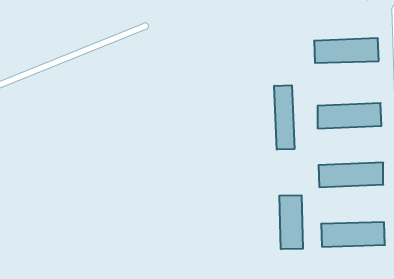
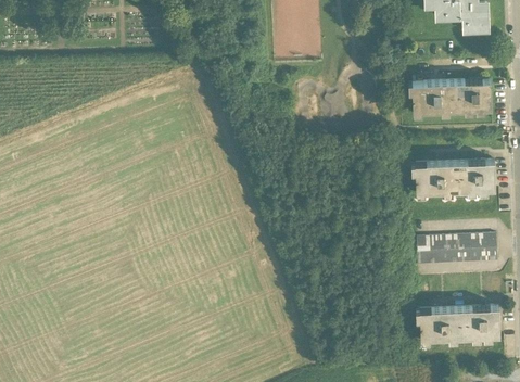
building: [274,85,294,150] -> none
building: [279,195,303,249] -> none

